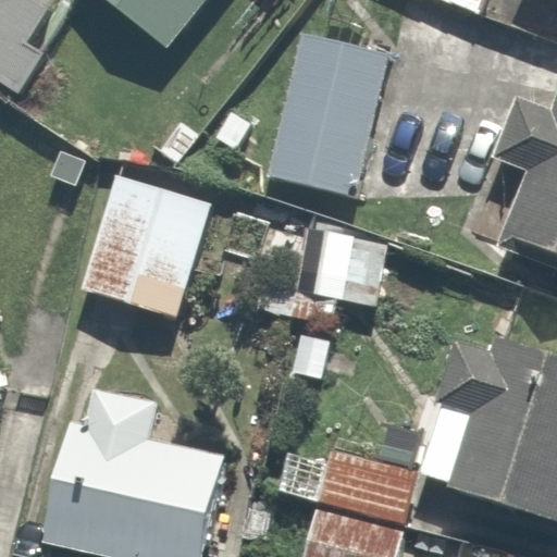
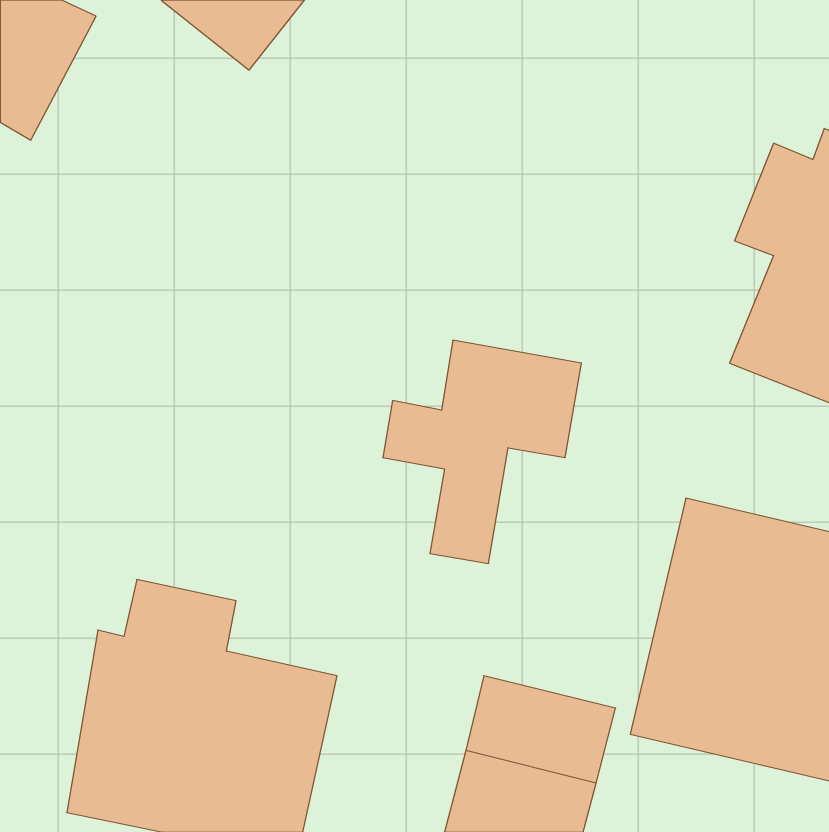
building: [268,32,381,191] -> none
building: [81,175,213,315] -> none

